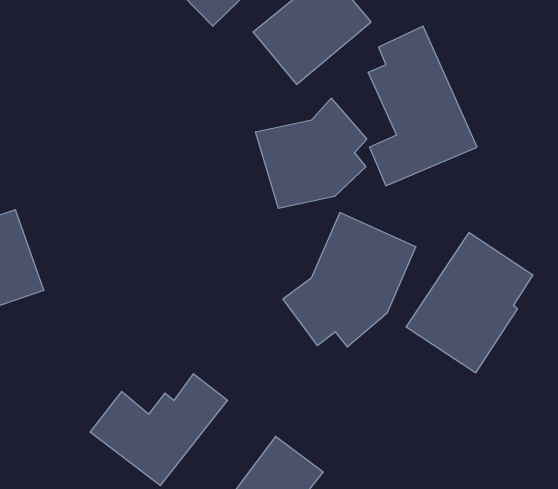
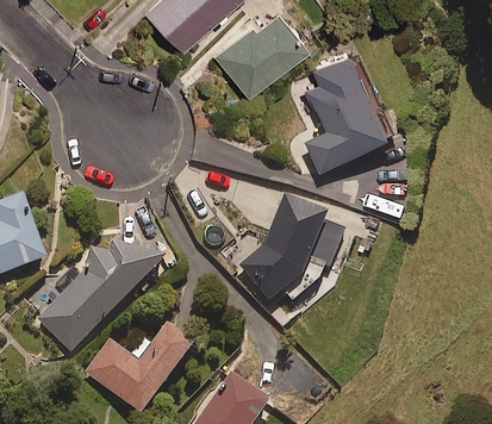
building: [256,98,367,208] -> none
building: [406,233,533,373] -> none
building: none -> [36,243,162,353]

